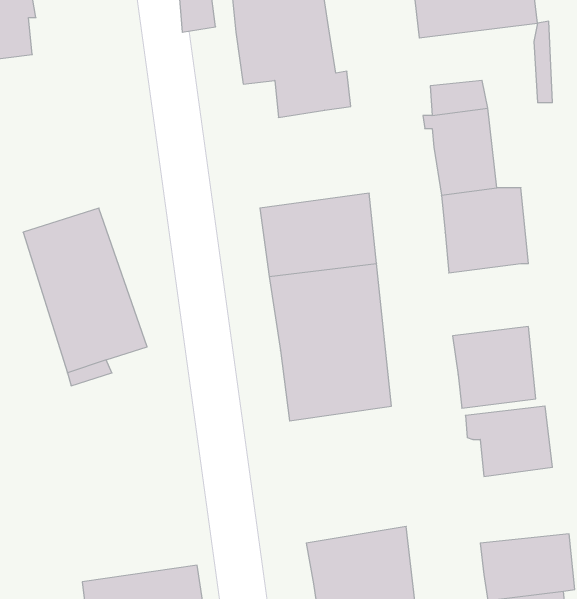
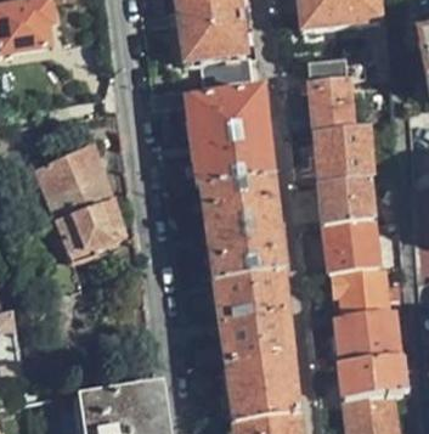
building: none -> [191,92,269,146]
building: none -> [321,182,373,230]
building: none -> [216,276,293,366]
building: none -> [337,316,400,366]

